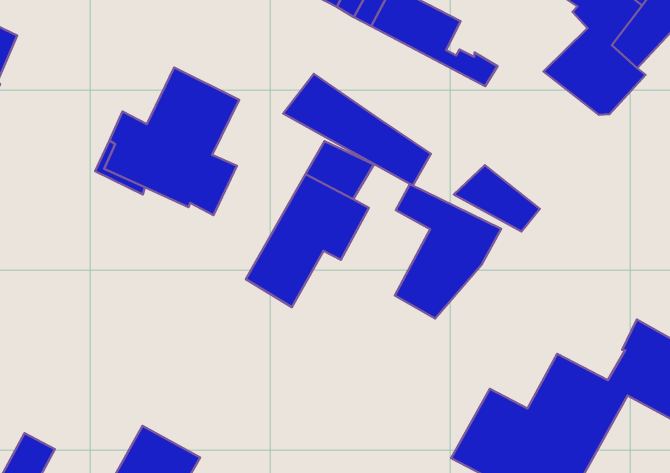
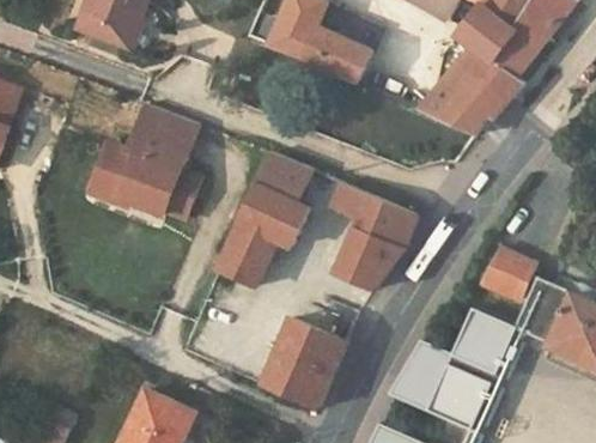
building: [283,74,431,186] -> none
building: [454,165,540,231] -> [416,84,486,134]
building: none -> [482,251,534,304]
building: none -> [261,318,343,407]

